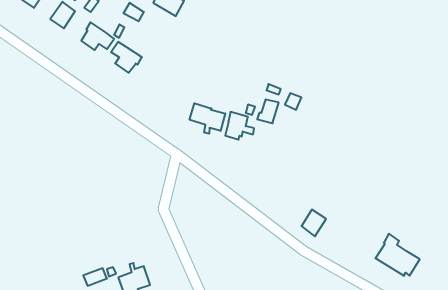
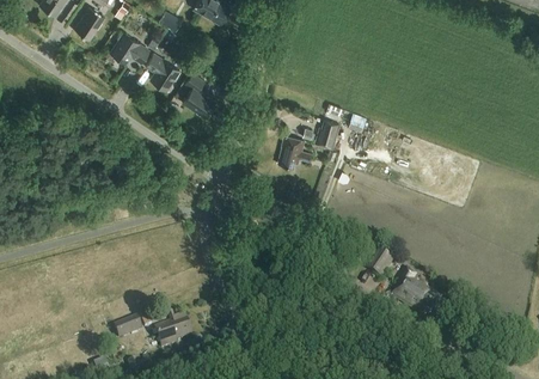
building: none -> [182,69,214,115]
building: [190,103,225,134] -> none
building: [375,234,420,276] -> [391,265,442,314]

